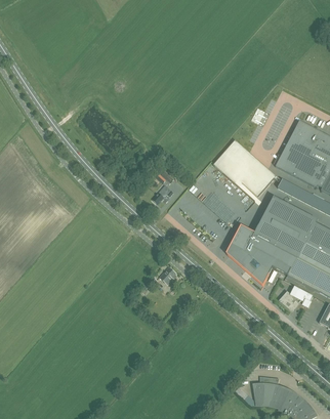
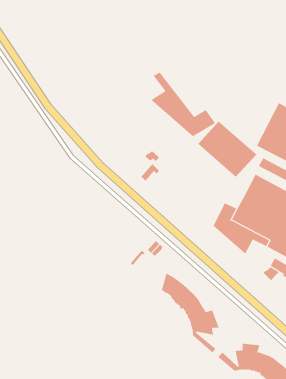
building: none -> [150,72,216,137]
building: none -> [161,273,220,353]

